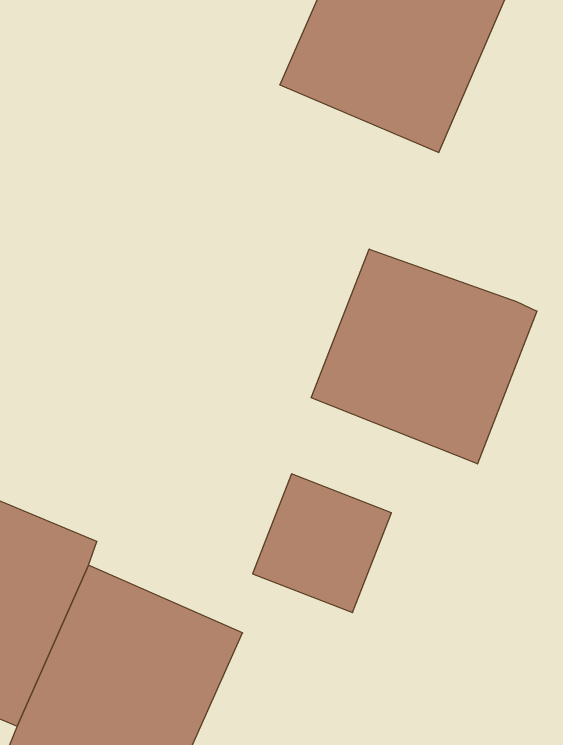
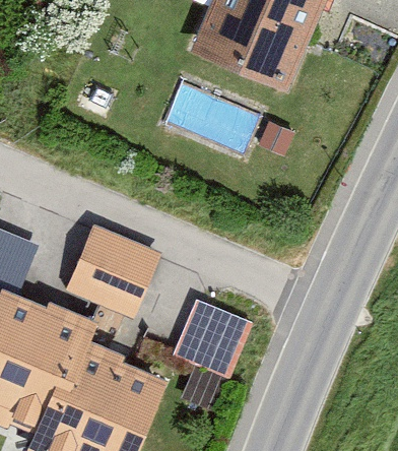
building: [311,249,537,464] -> none
building: none -> [68,227,161,315]

